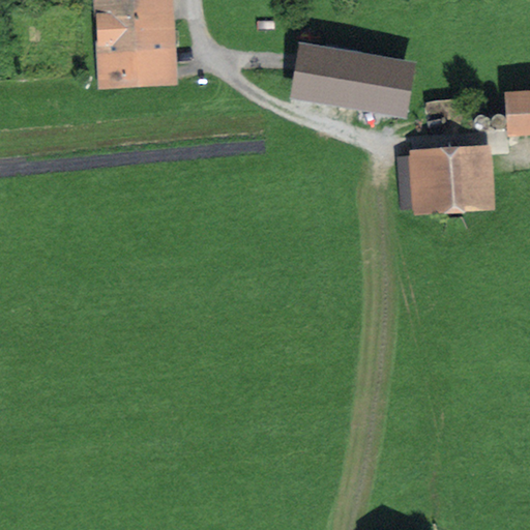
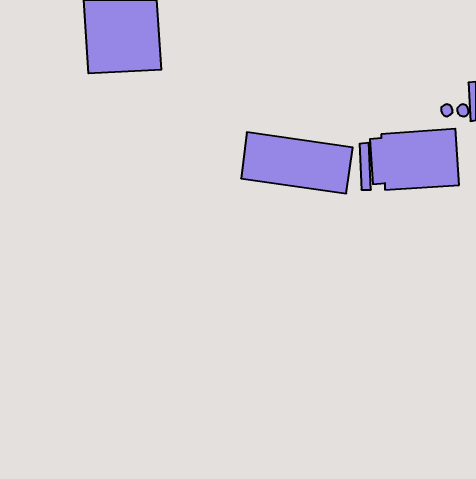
building: [290,45,413,112] -> [241,132,353,193]

